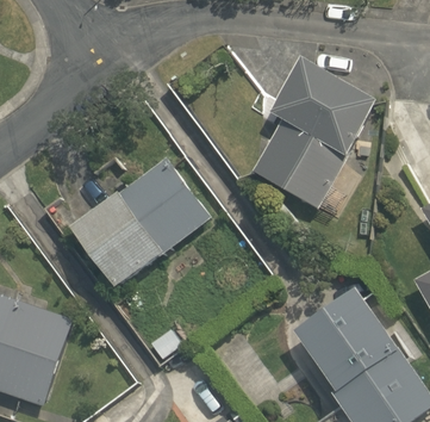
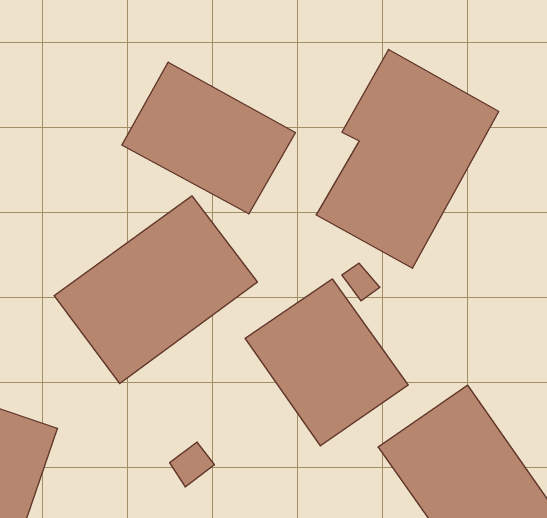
building: none -> [122,62,295,214]
building: none -> [245,279,408,446]

